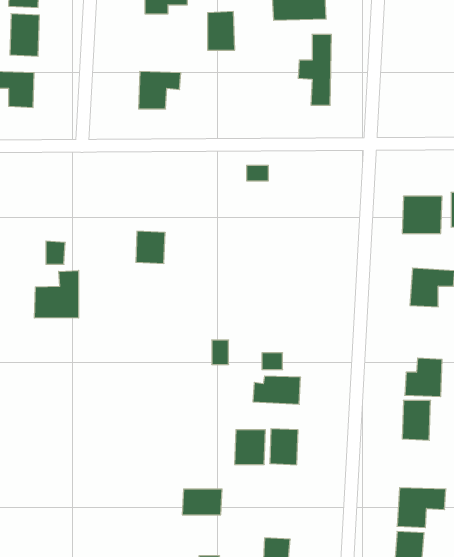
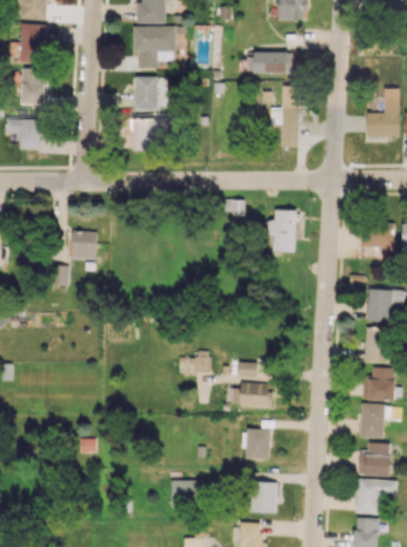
building: [208,12,235,50] -> [136,76,159,109]
building: none -> [367,88,399,136]
building: none -> [268,209,297,252]
building: [136,231,165,263] -> [71,231,97,258]
building: [34,270,79,318] -> none
building: none -> [365,328,389,361]
building: [235,430,265,464] -> [250,482,277,512]
building: none -> [359,442,391,476]

